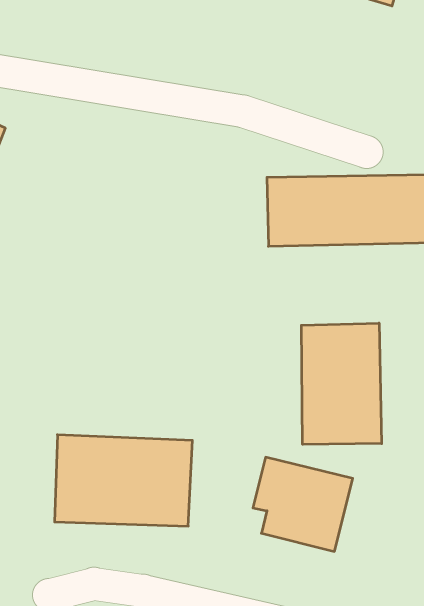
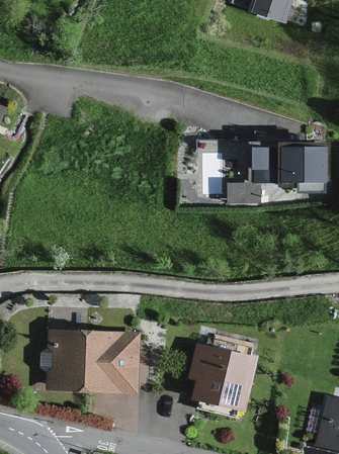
building: [301,323,382,444] -> none

